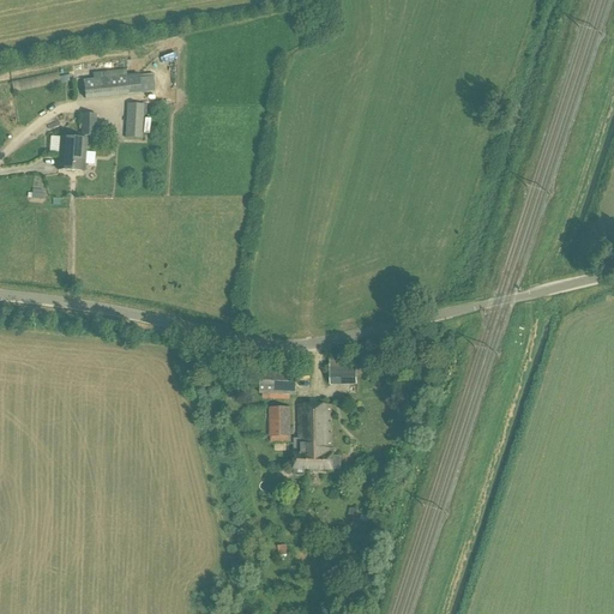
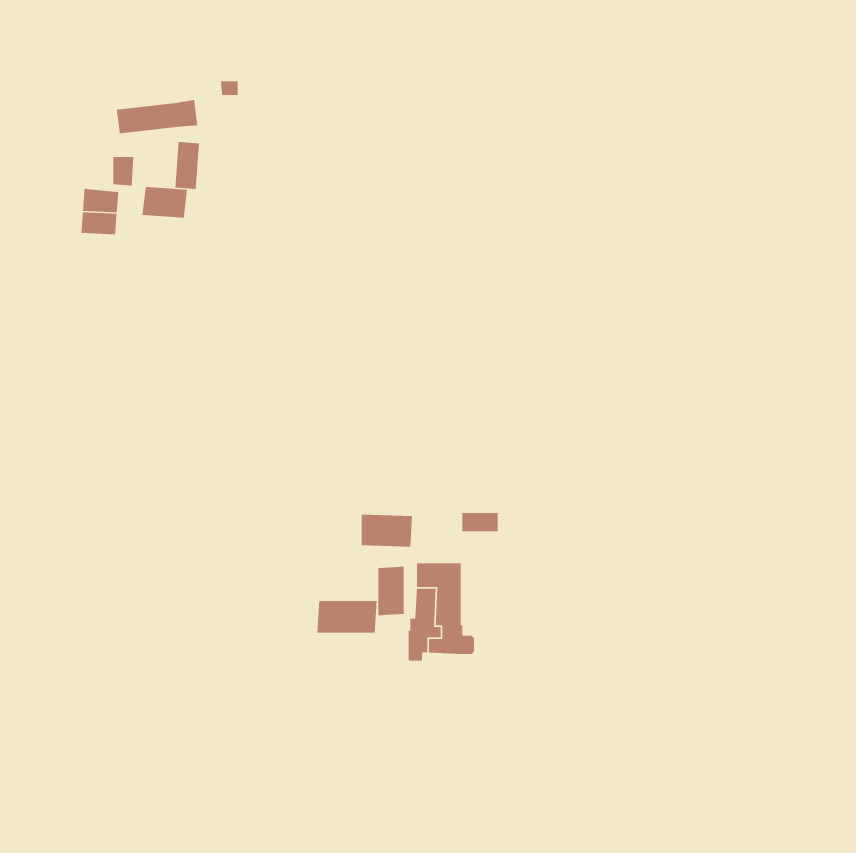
building: none -> [142,186,188,219]
building: none -> [317,600,378,633]

